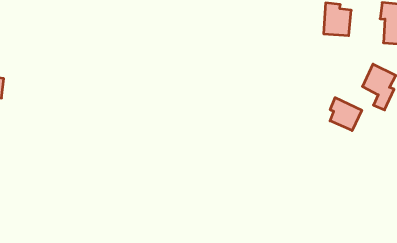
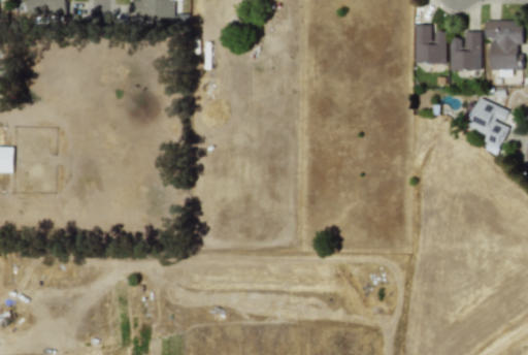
building: none -> [449,31,482,69]
building: [330,98,362,131] -> none

